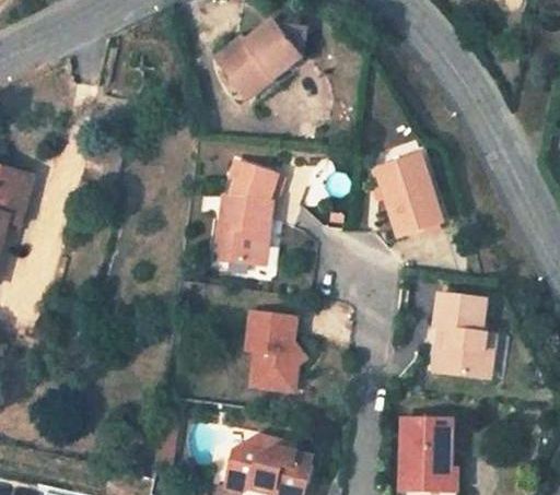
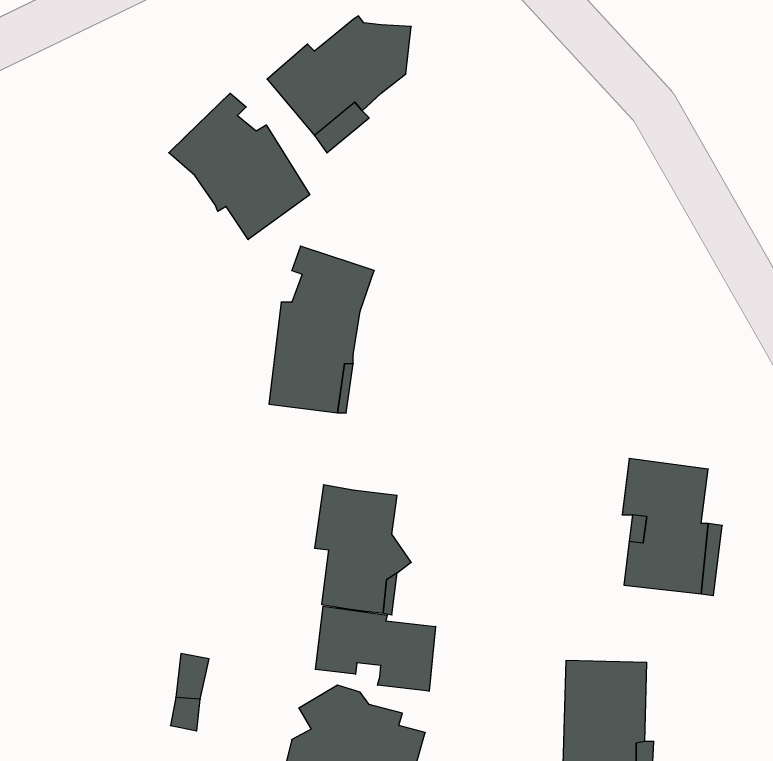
building: none -> [169,93,310,240]
building: [375,155,441,237] -> none
building: none -> [315,606,436,691]

